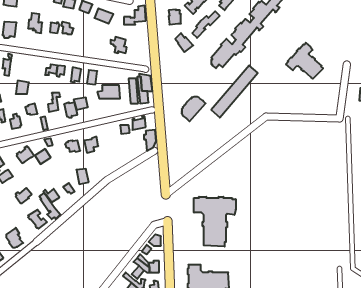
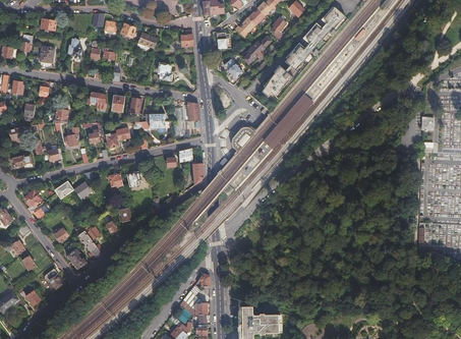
building: [286,43,323,79] -> none
building: [194,197,236,247] -> none

